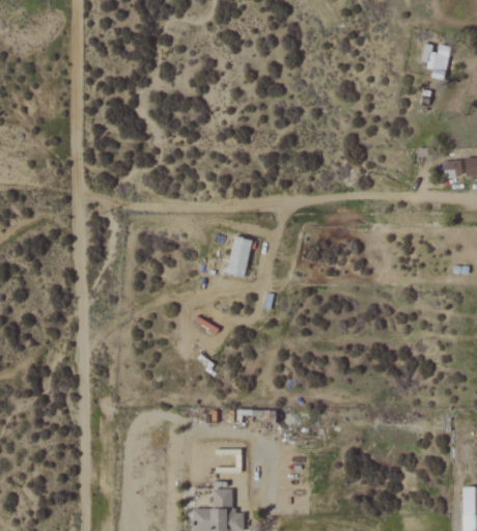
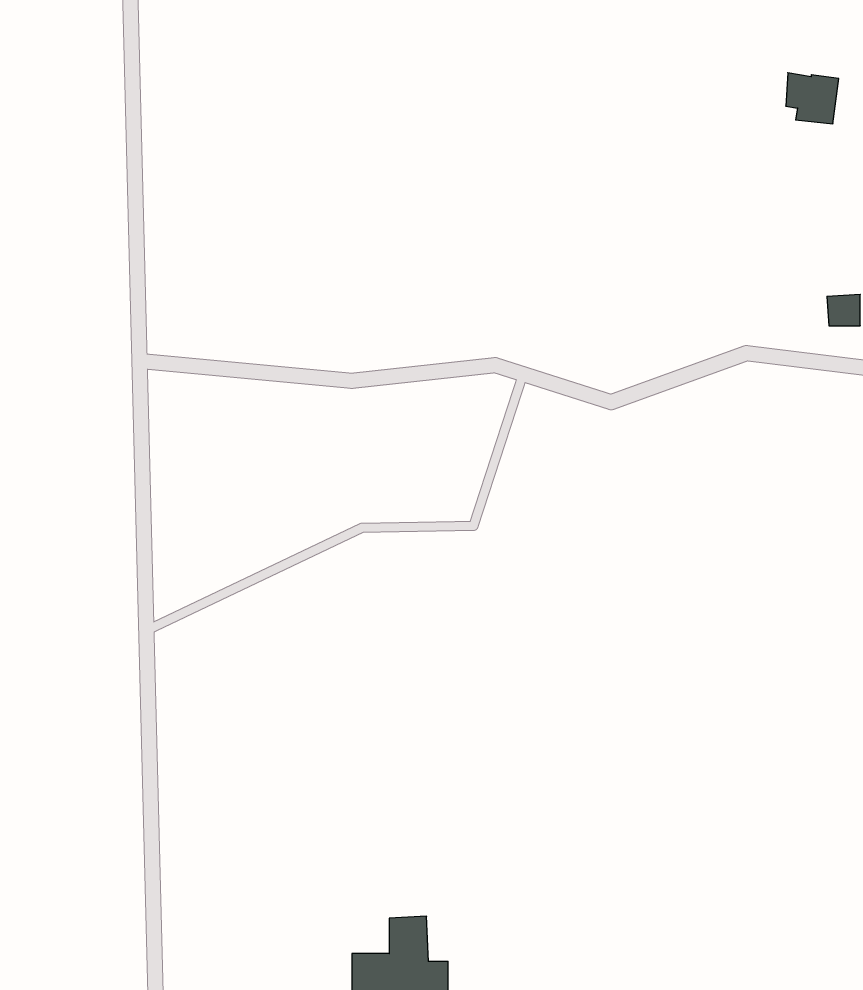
building: [226,236,253,277] -> none

